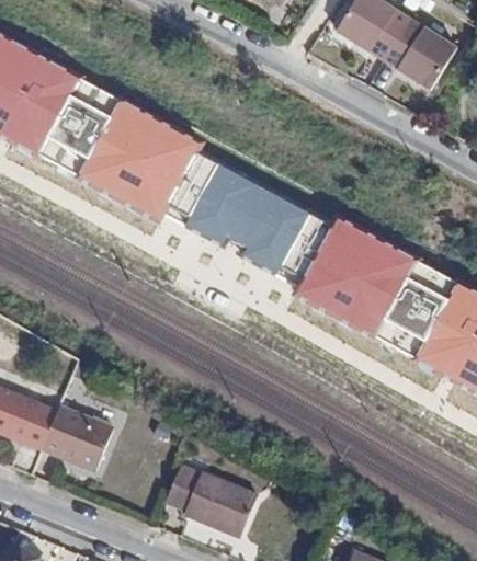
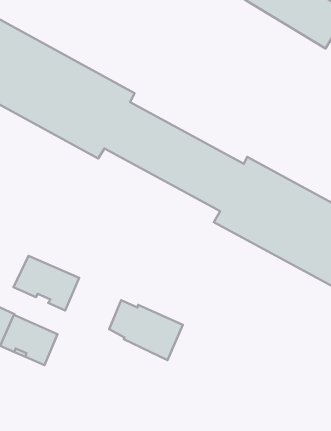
building: none -> [14,256,79,310]
building: [166,467,254,539] -> [109,300,183,360]

